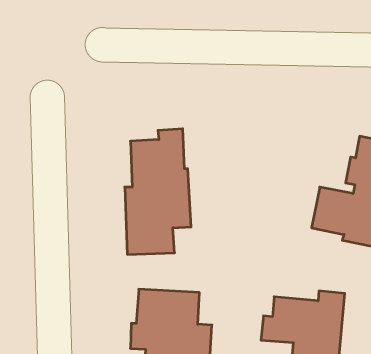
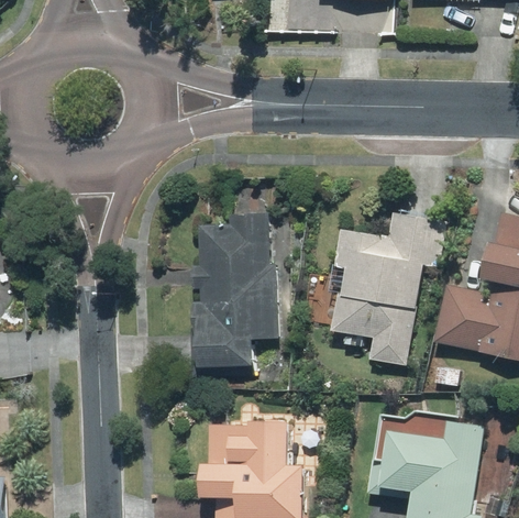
building: none -> [317,213,427,362]

